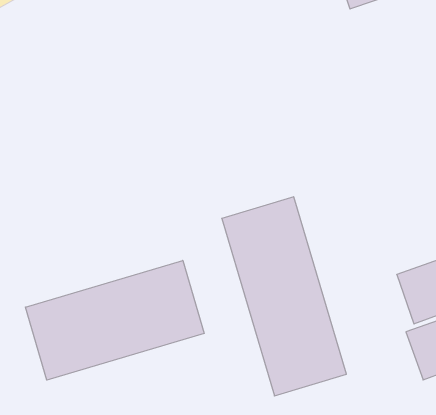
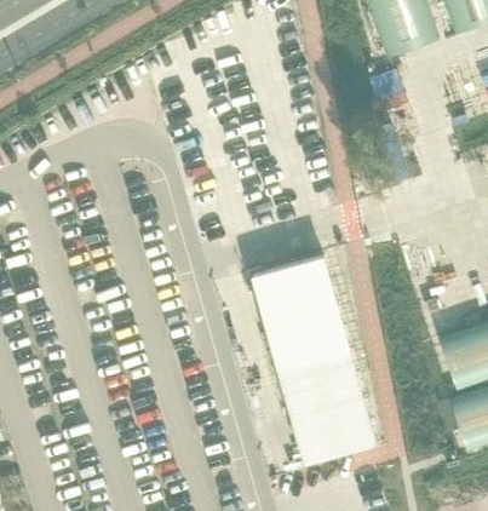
building: [25,260,204,380] -> none

